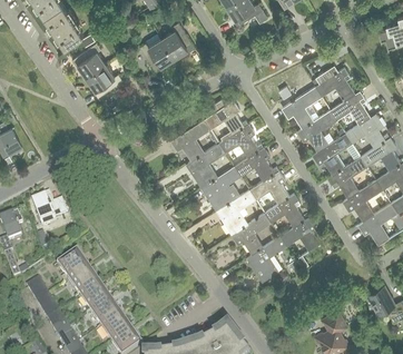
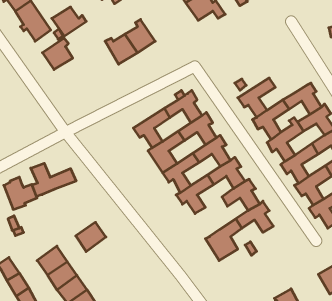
building: [85,63,121,95] -> [52,7,86,36]
building: [314,63,354,100] -> none
building: none -> [31,163,76,196]
building: [230,212,269,254] -> none
building: [56,248,88,279] -> [76,222,106,252]

